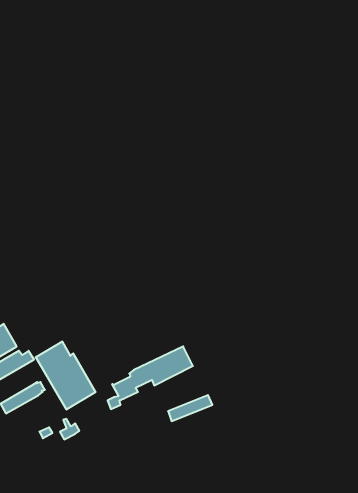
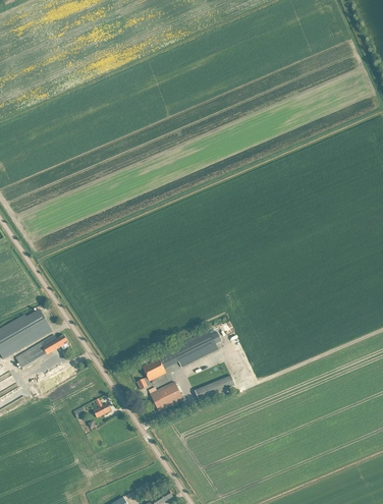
building: [36,341,95,410] -> none
building: none -> [150,382,182,411]

